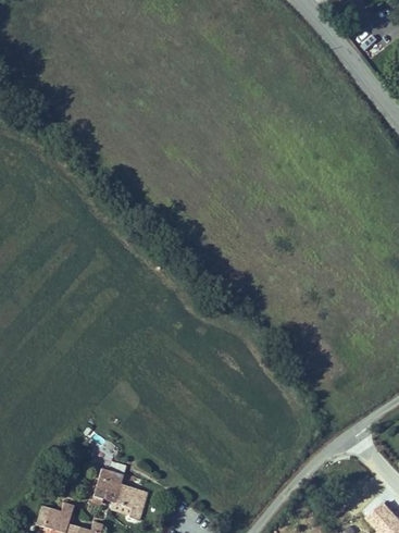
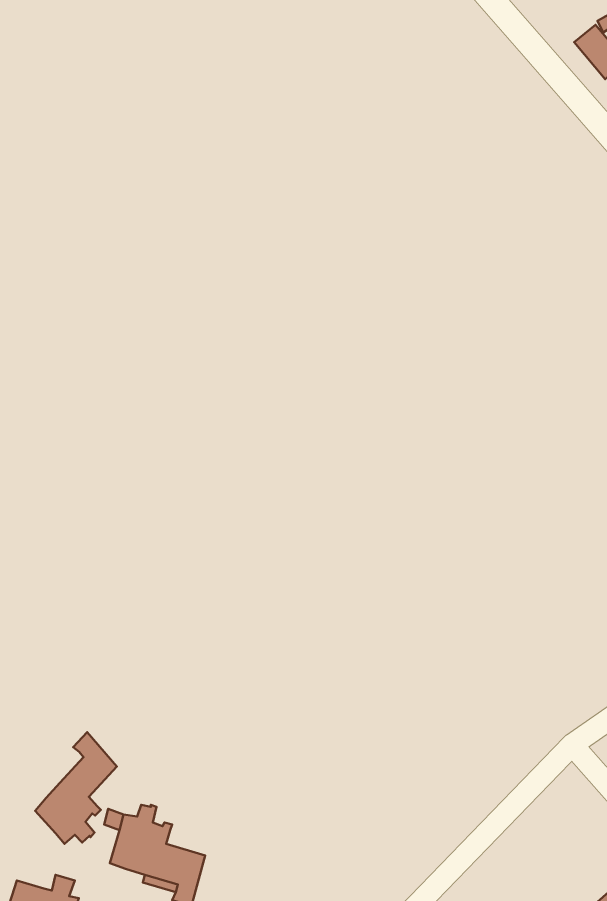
building: none -> [35,732,117,844]

